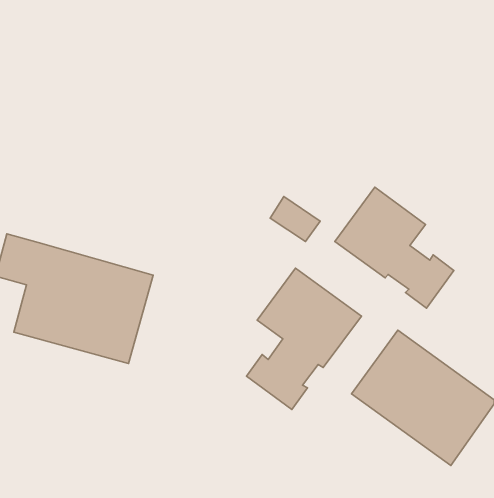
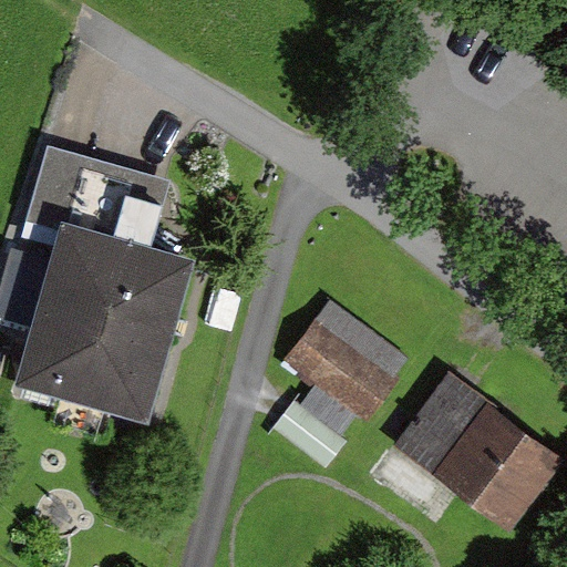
building: none -> [29,148,187,315]
building: [335,187,454,308] -> none

